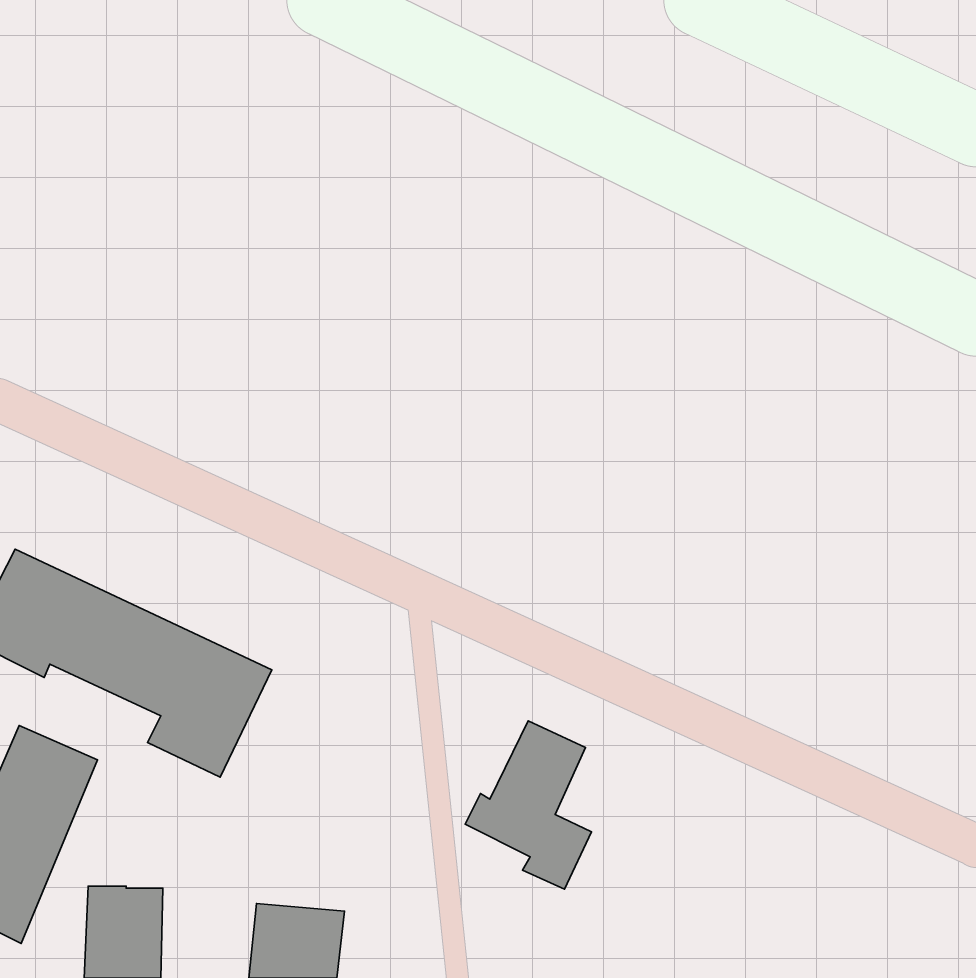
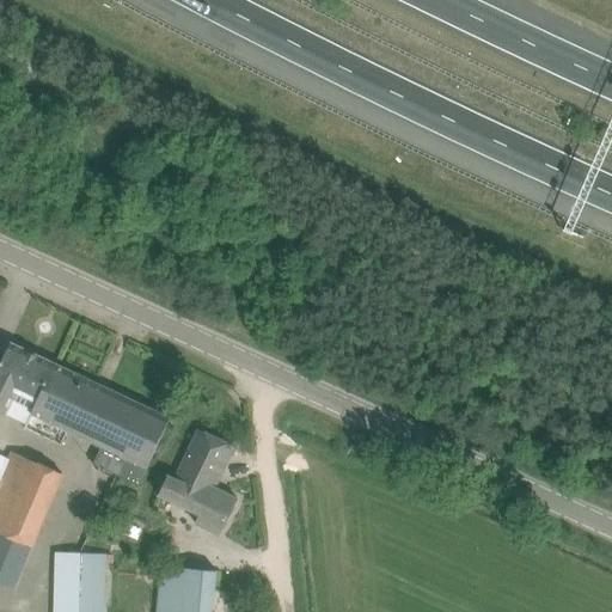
building: [465,721,591,889] -> [158,430,237,536]

